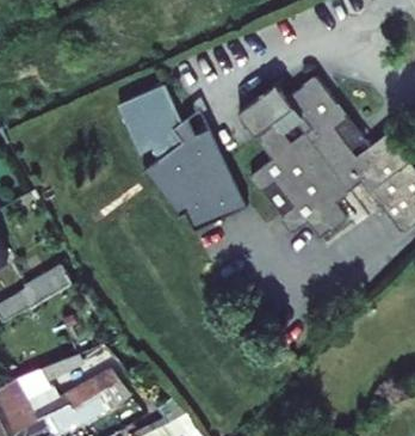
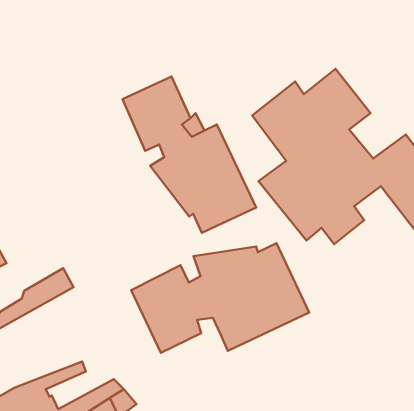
building: none -> [131,243,309,353]

